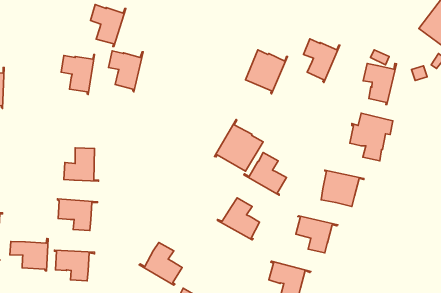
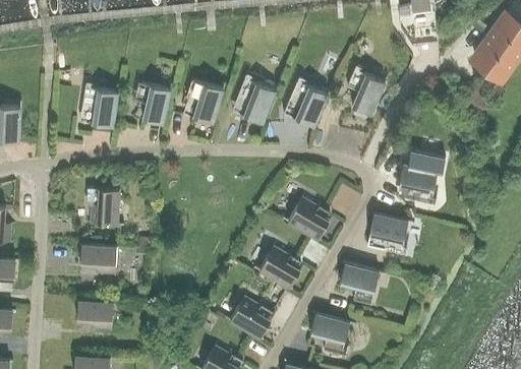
building: [90,5,126,47] -> [187,79,226,125]
building: none -> [239,78,279,125]
building: [363,63,396,105] -> none
building: [215,119,263,171] -> none
building: [10,239,48,271] -> none
building: [139,242,182,285] -> [225,293,272,340]

